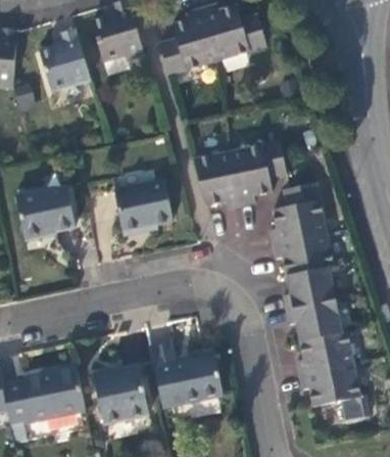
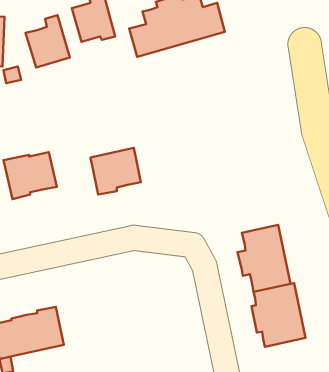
building: [192,138,287,207] -> none
building: [273,188,335,280] -> none
building: [150,342,223,409] -> none
building: [93,365,148,424] -> none

